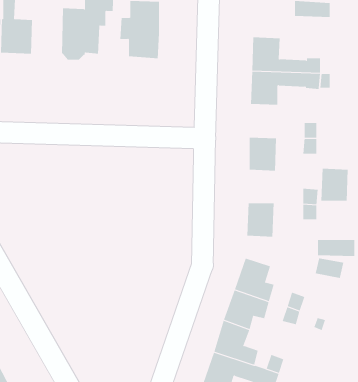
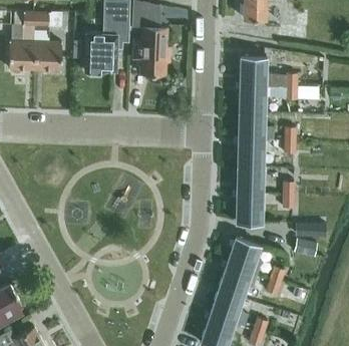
building: none -> [239,112,273,140]
building: [321,168,349,201] -> [238,166,261,194]

